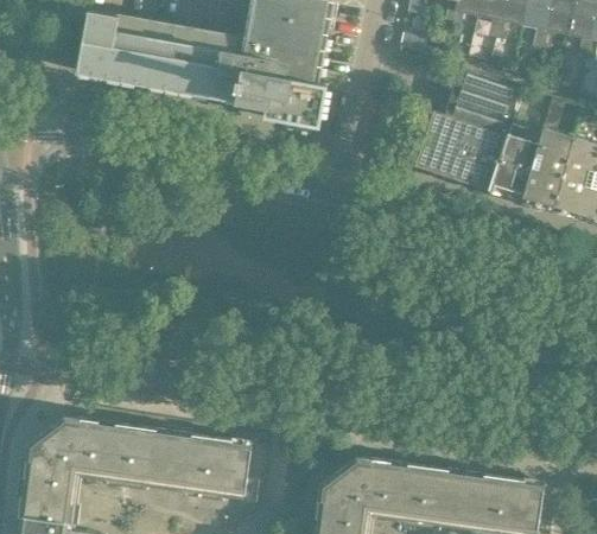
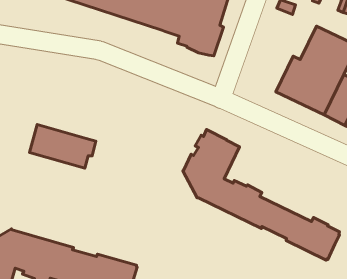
building: none -> [183,130,340,260]
building: none -> [29,125,96,168]

